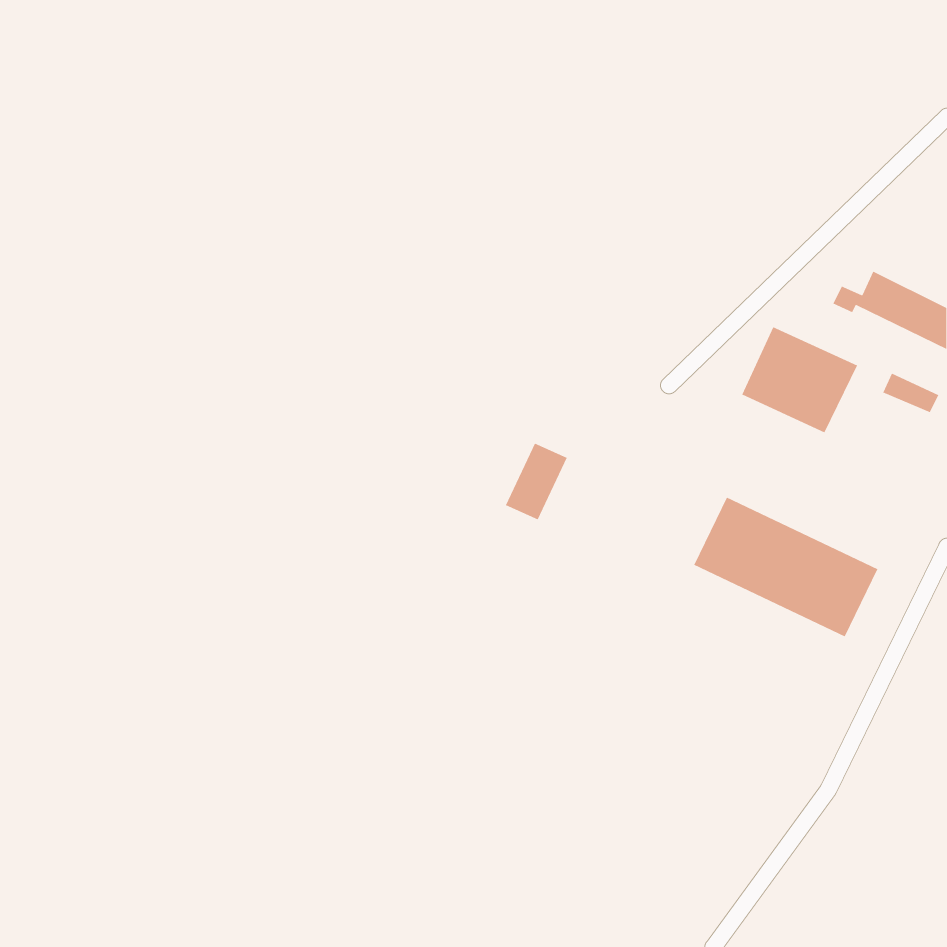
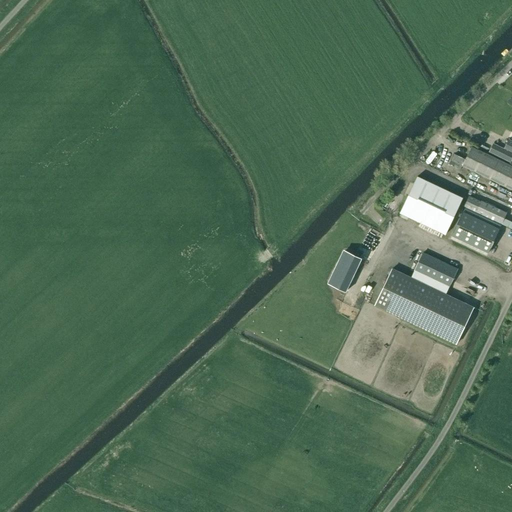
building: none -> [452,212,499,253]
building: [505,443,568,520] -> [328,249,362,291]
building: none -> [414,252,458,287]

